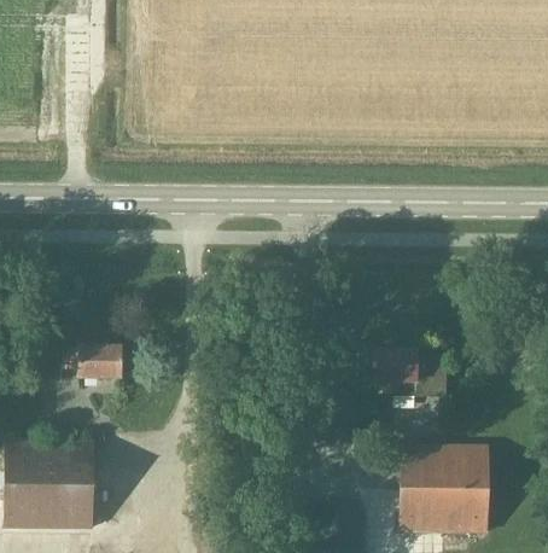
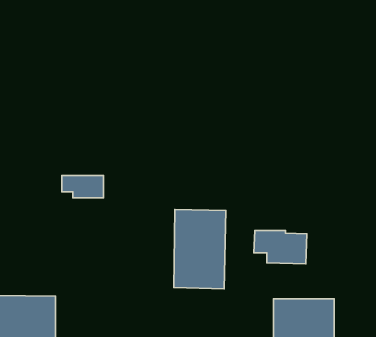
building: none -> [174,209,226,289]
building: [63,348,122,379] -> [62,176,104,198]

